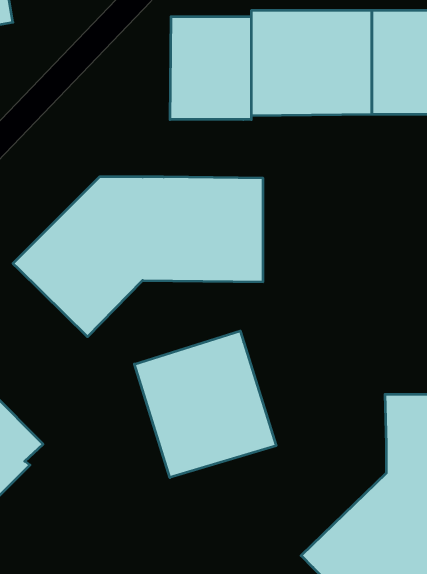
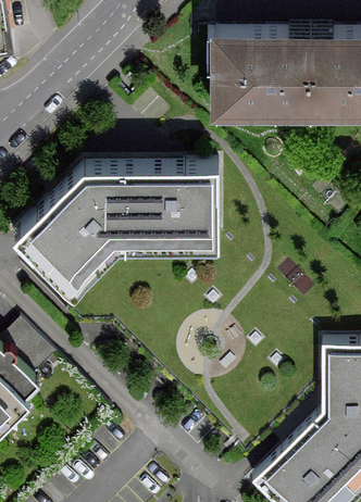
building: [170,17,251,120] -> none
building: [134,331,276,478] -> none

